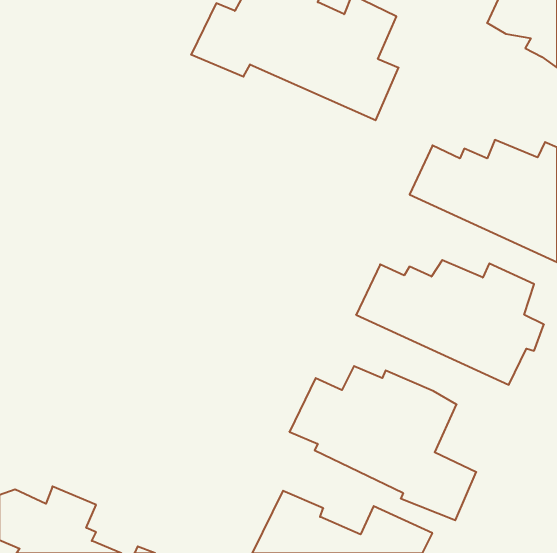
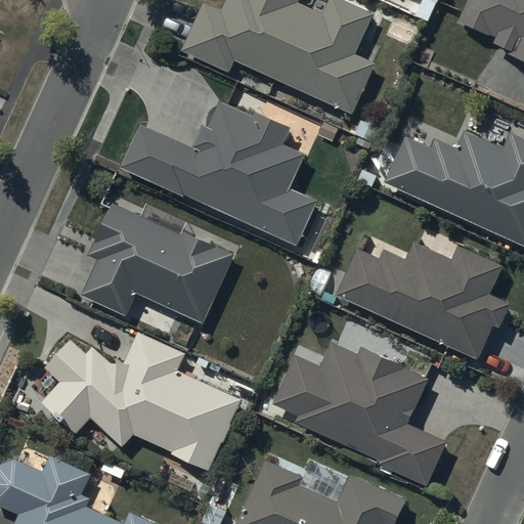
building: none -> [118,101,316,246]
building: none -> [81,202,234,322]
building: none -> [42,331,242,471]

